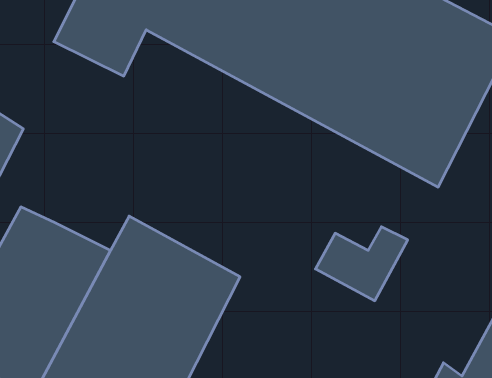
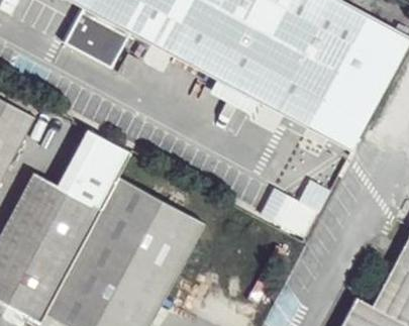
building: none -> [62,131,129,202]

